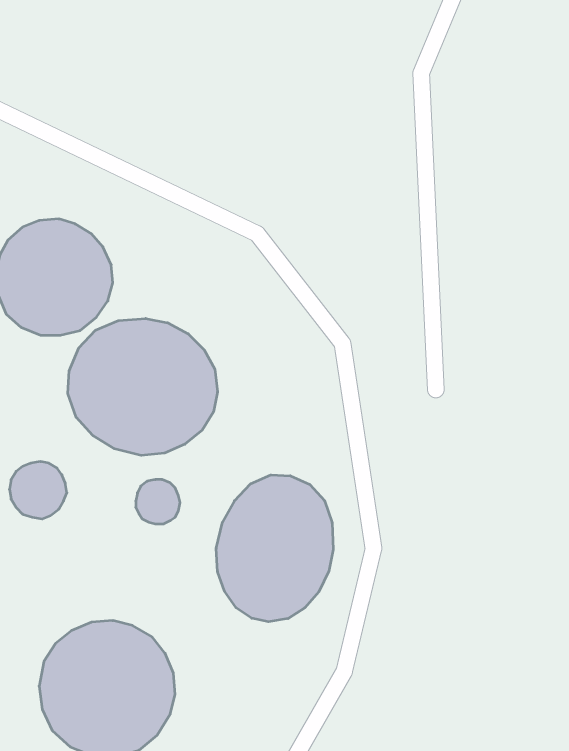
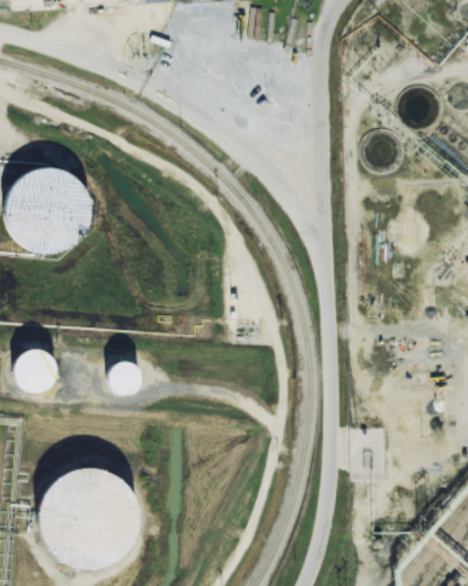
building: [68,318,217,455] -> none
building: [216,475,333,622] -> none

